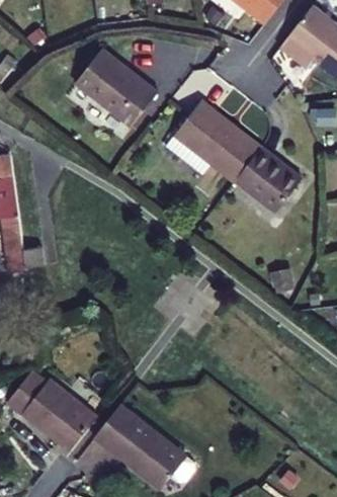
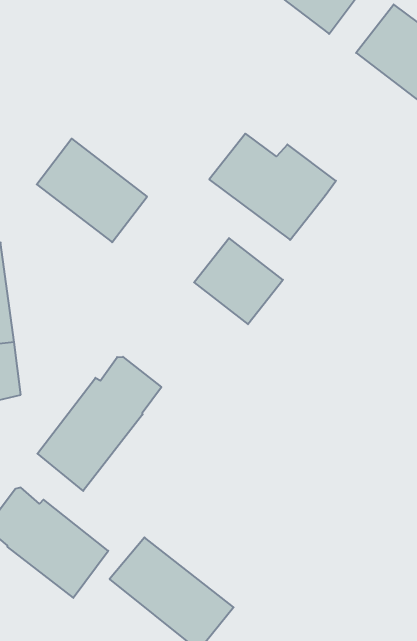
building: [73,50,156,128] -> [37,139,147,242]
building: [234,150,301,215] -> [194,238,283,324]
building: none -> [37,357,161,491]

